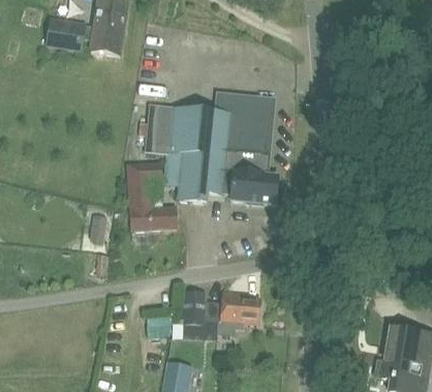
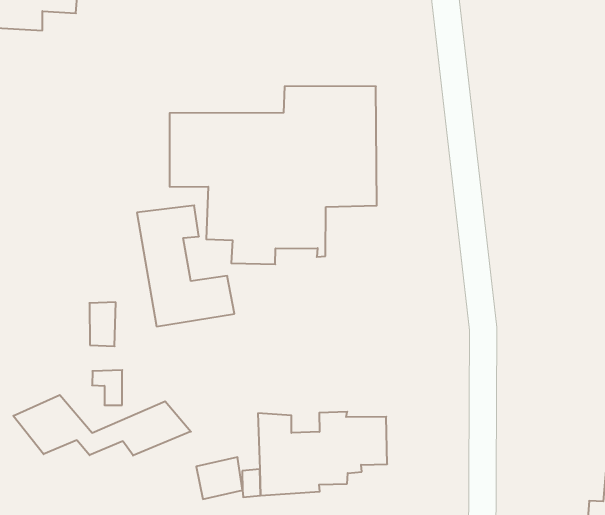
building: [234,171,278,205] -> none
building: none -> [13,395,191,456]

